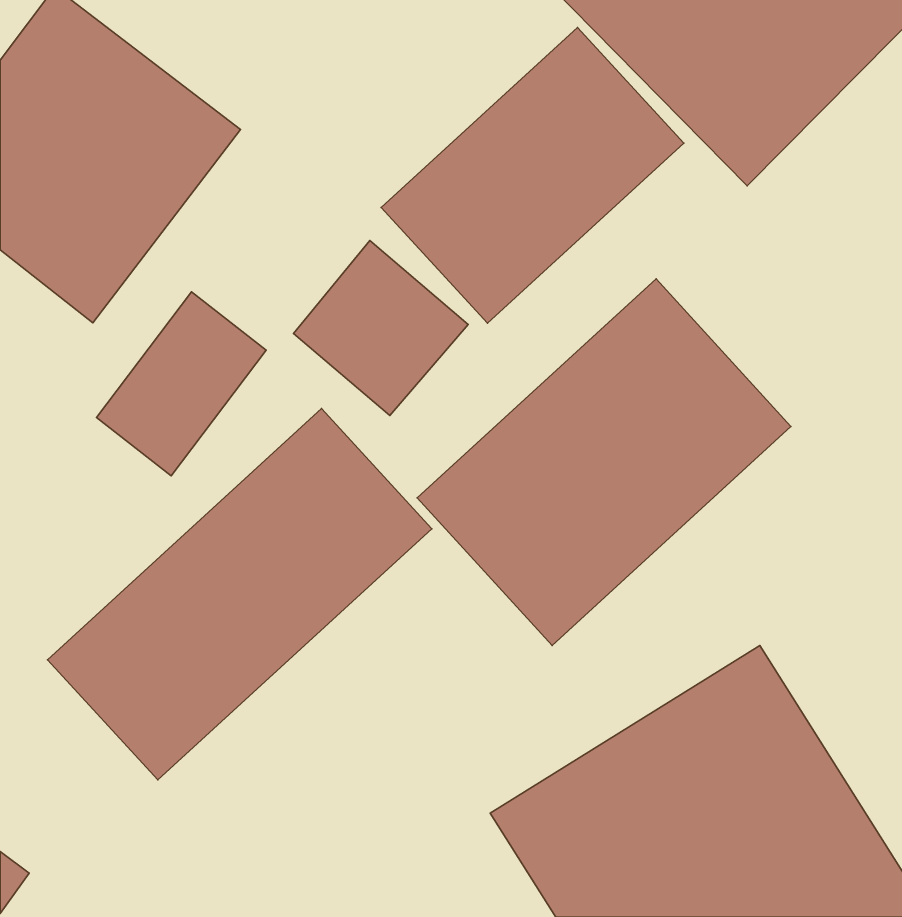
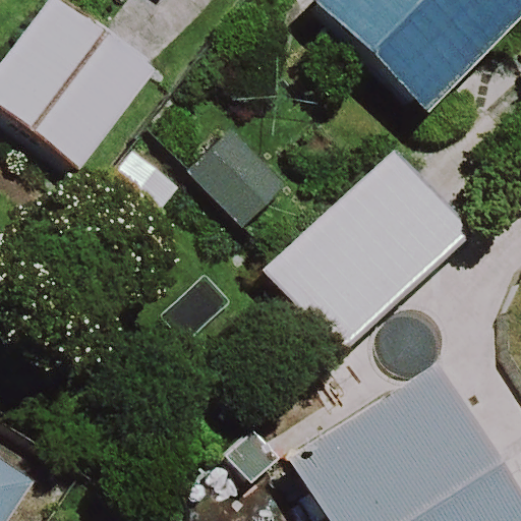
building: [381,28,684,323] -> none
building: [48,409,432,780] -> none

